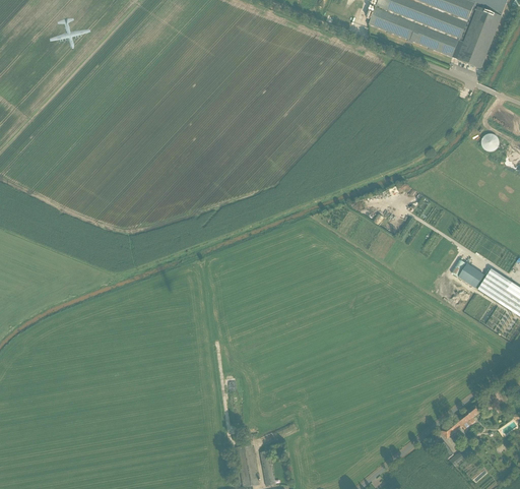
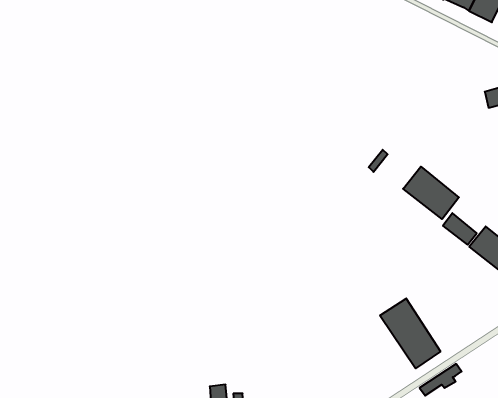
building: none -> [403,167,459,219]
building: none -> [380,298,440,368]

